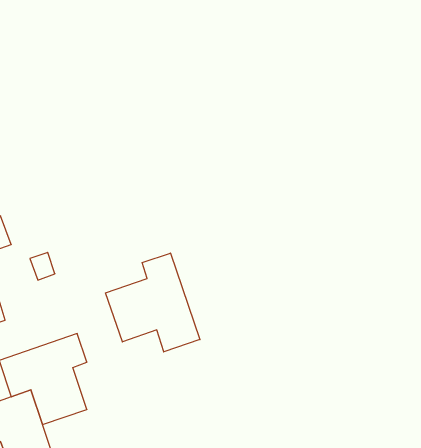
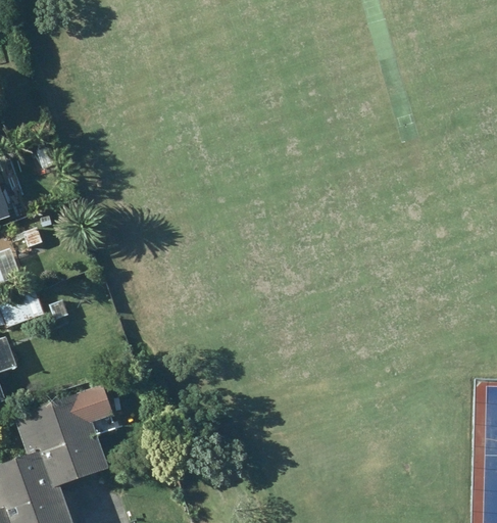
building: [106,253,200,352] -> none

